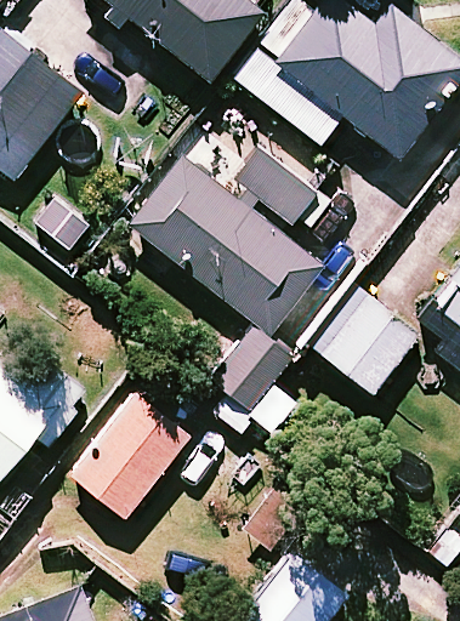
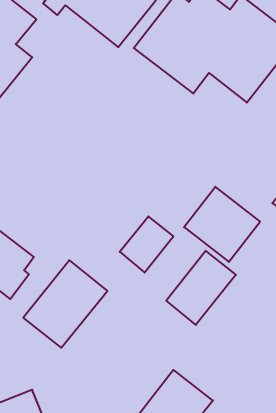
building: [127,149,324,336] -> none
building: none -> [166,251,236,325]

